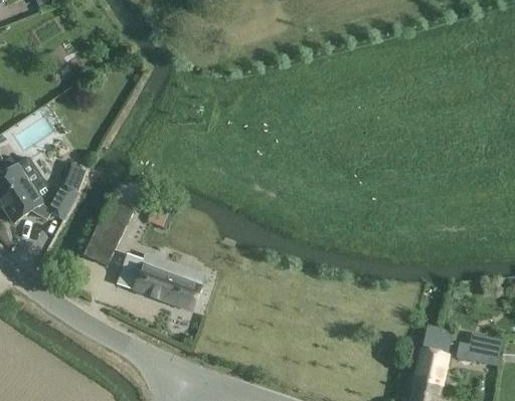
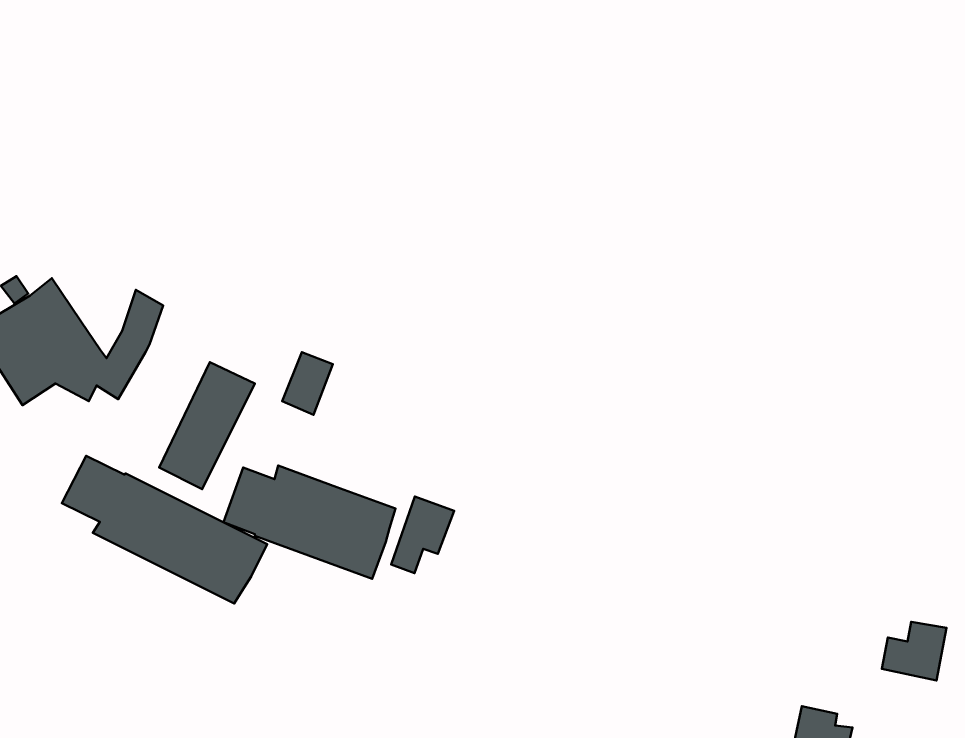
building: none -> [62,456,267,604]
building: none -> [391,497,454,573]
building: [415,327,452,389] -> none

